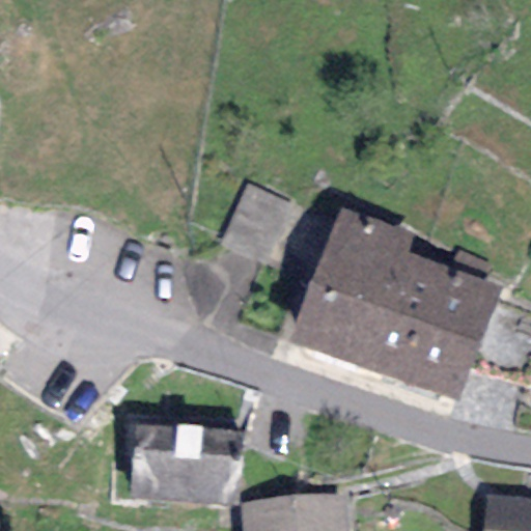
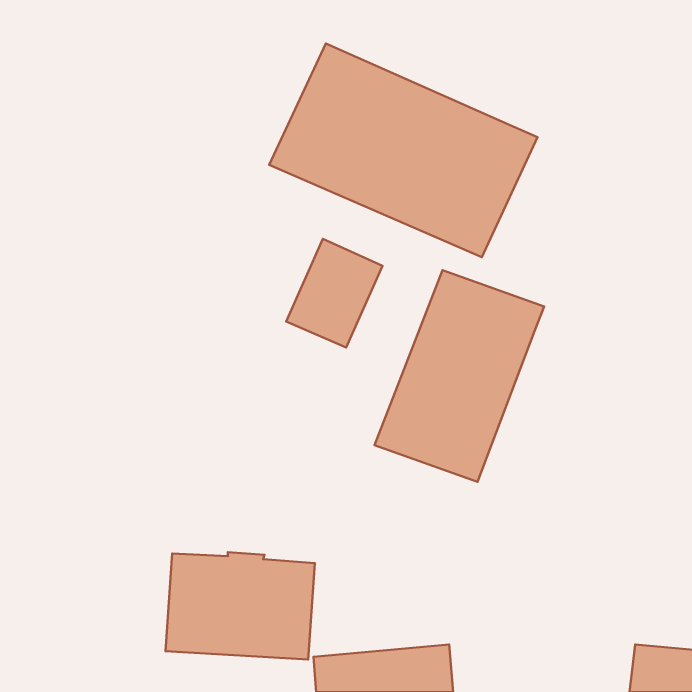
building: none -> [269,44,538,257]
building: [366,253,501,400] -> none

